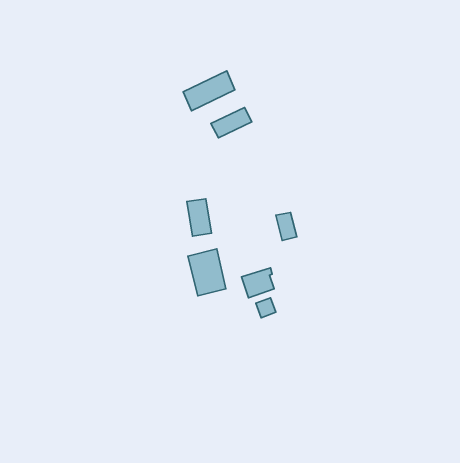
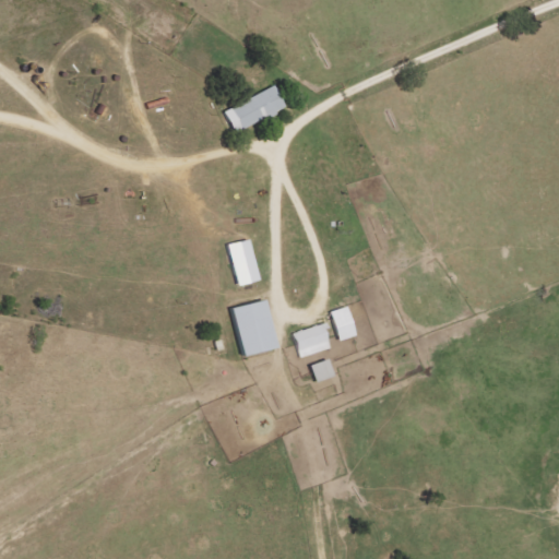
building: [211,108,252,138] -> none
building: [276,212,297,241] -> [333,307,358,341]

